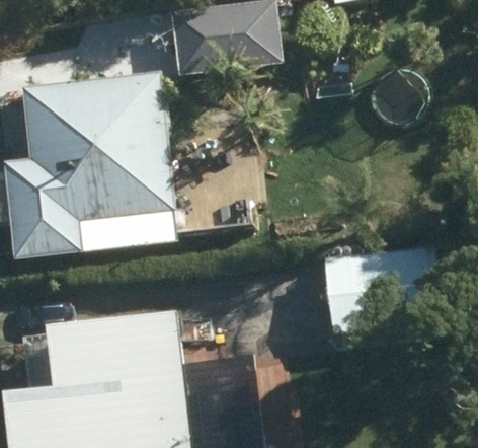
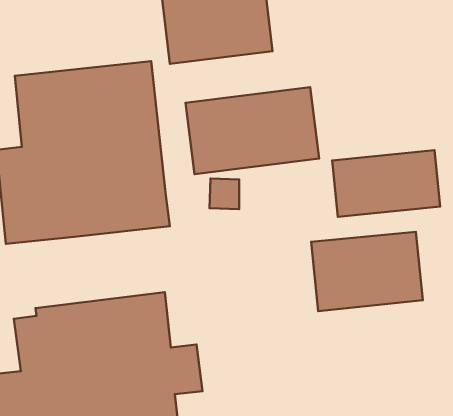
building: none -> [185,87,319,174]
building: none -> [332,150,440,217]

